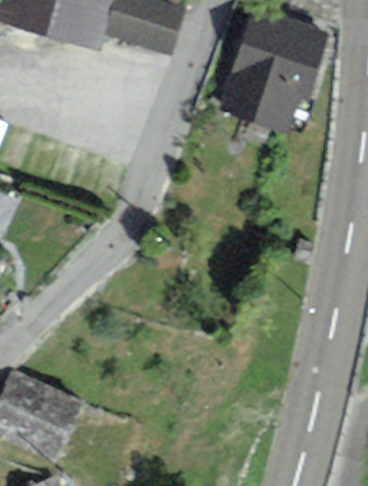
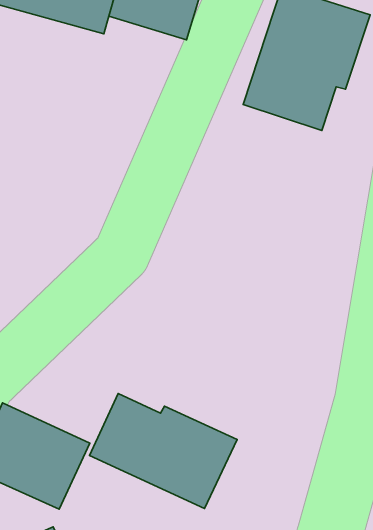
building: none -> [90,394,237,508]

